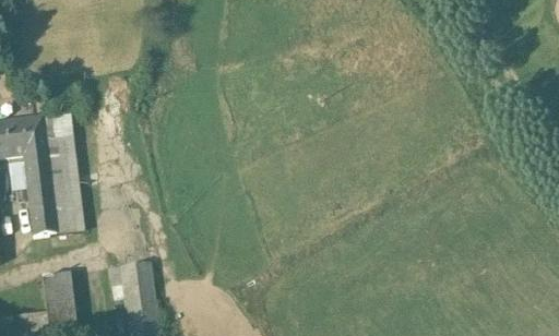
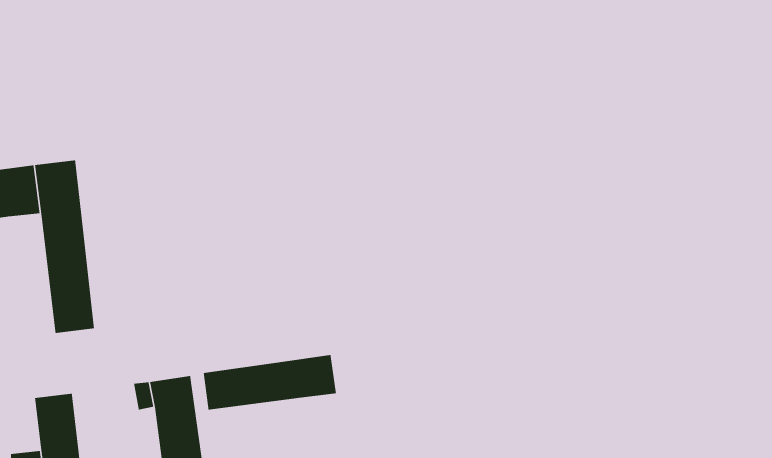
building: [24,149,56,235] -> none
building: none -> [203,354,337,411]

